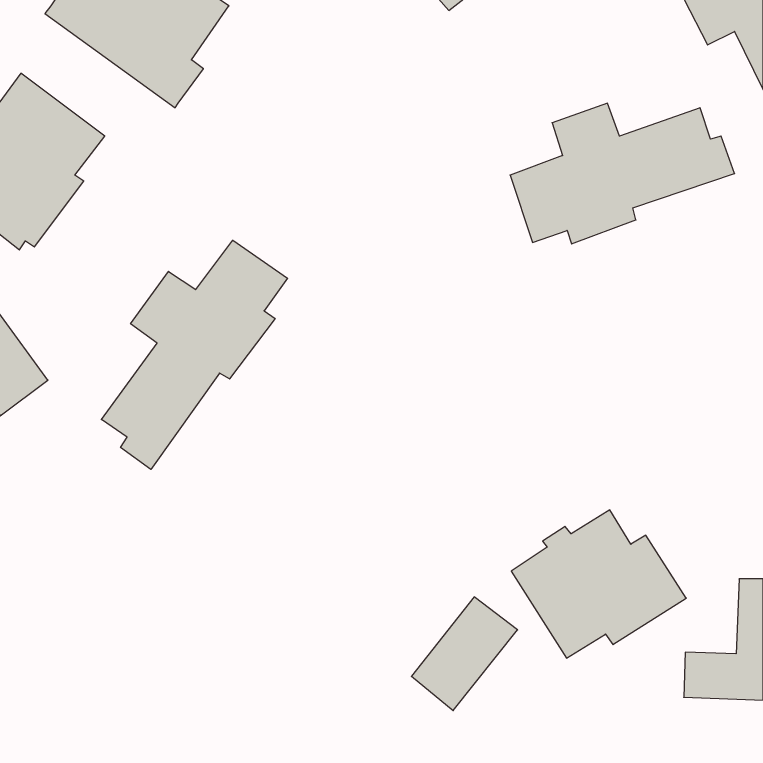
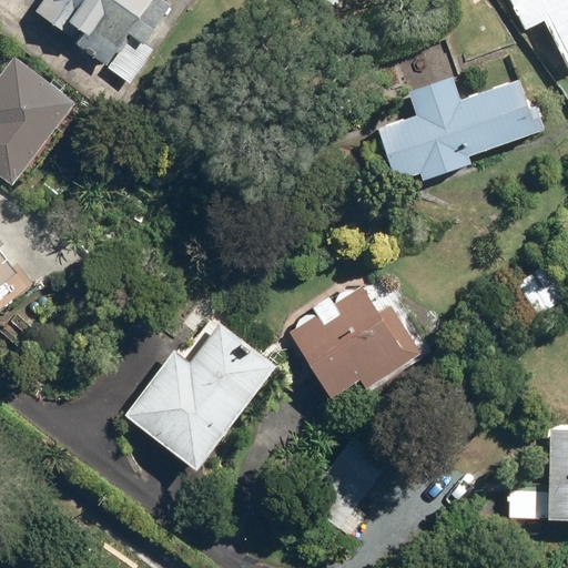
building: [101,240,288,469] -> none
building: none -> [125,324,274,468]
building: [511,510,686,658] -> [290,286,419,396]

